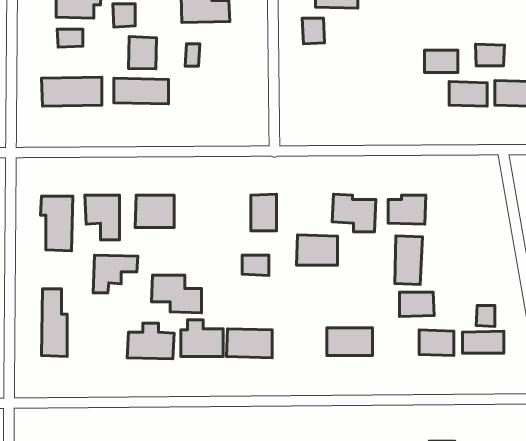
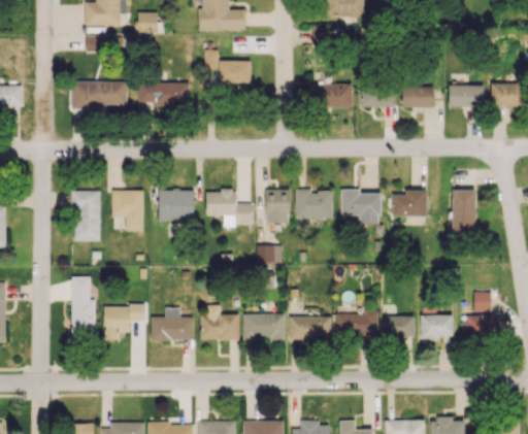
building: [129,36,157,69] -> none
building: [475,44,504,66] -> none
building: [424,50,458,73] -> [402,87,433,107]
building: none -> [219,61,251,82]
building: none -> [310,84,353,107]
building: none -> [361,86,395,107]
building: [296,235,338,265] -> [294,190,332,218]
building: [395,236,423,285] -> [451,189,476,234]
building: [93,255,138,293] -> [104,305,145,340]
building: [151,275,201,313] -> [205,191,252,226]
building: [400,292,434,317] -> [383,316,415,339]
building: none -> [289,315,331,340]

